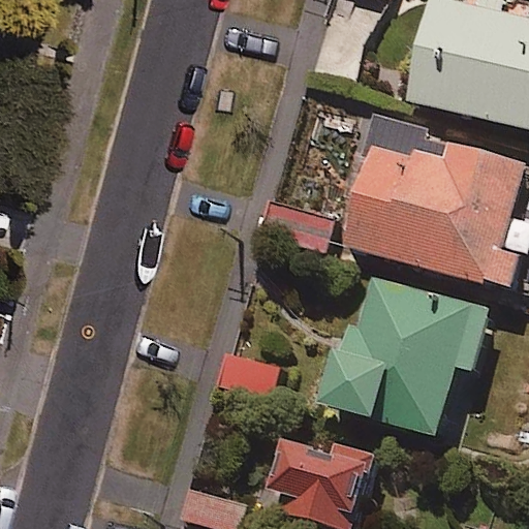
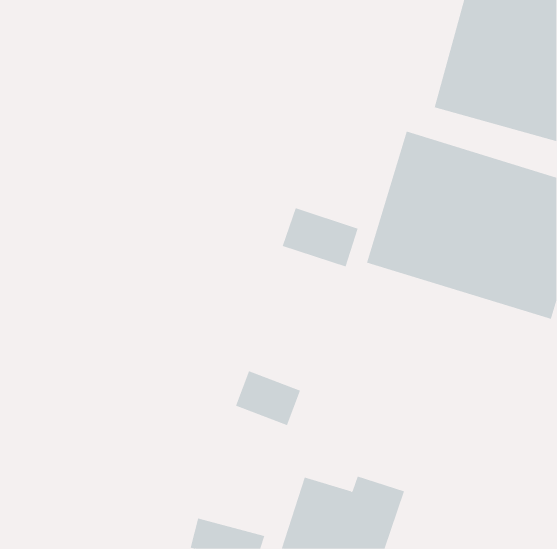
building: [318,273,492,443] -> none

